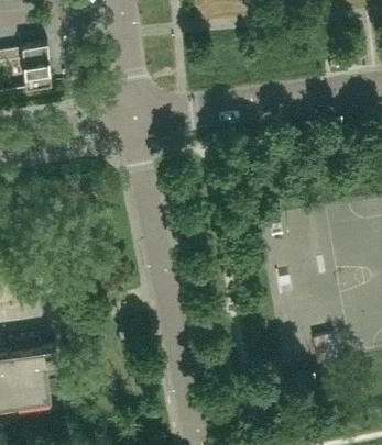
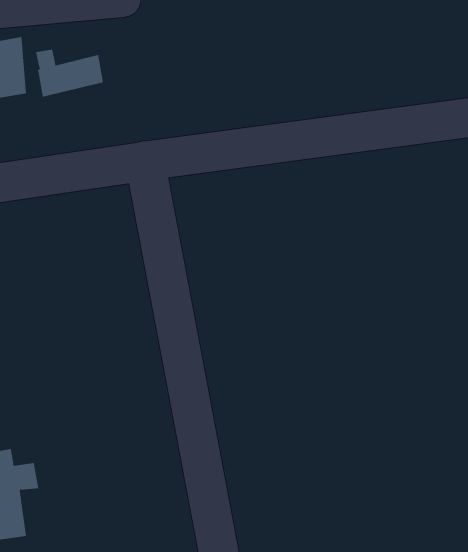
building: none -> [35,49,103,98]

